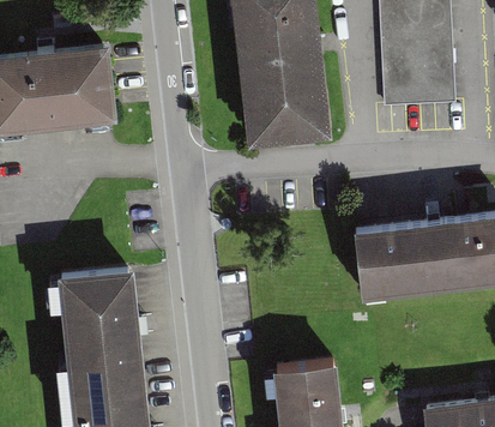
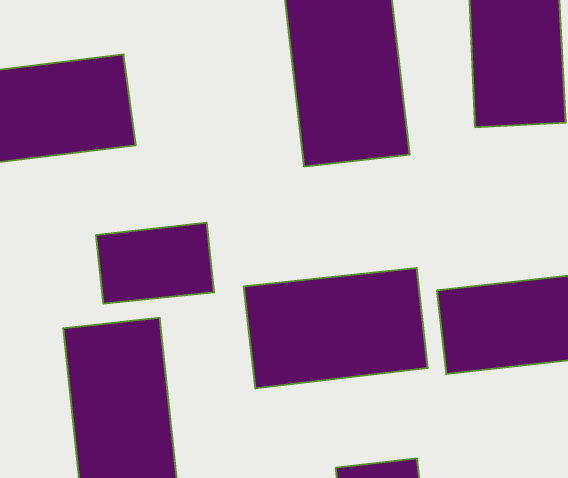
building: none -> [96,223,214,304]
building: none -> [244,268,428,389]

